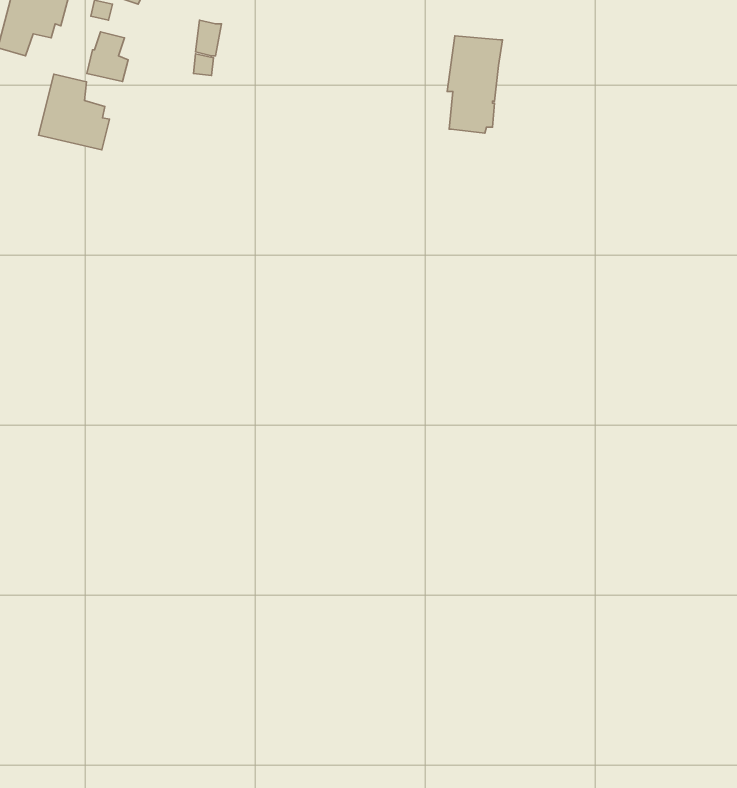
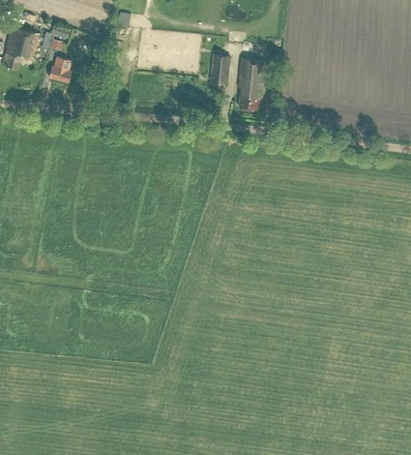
building: none -> [209,55,229,83]
building: [39,74,109,150] -> none

